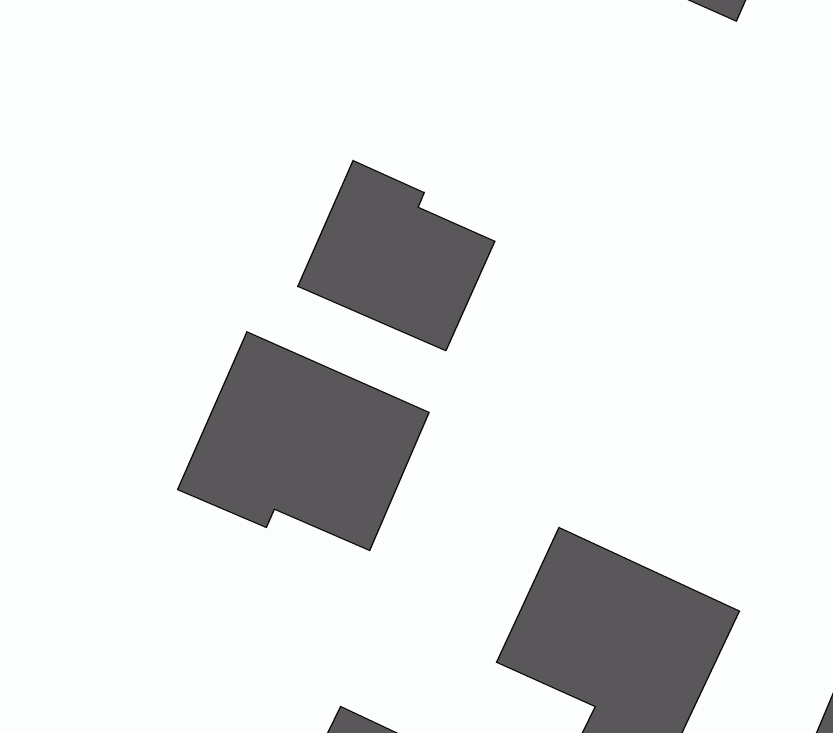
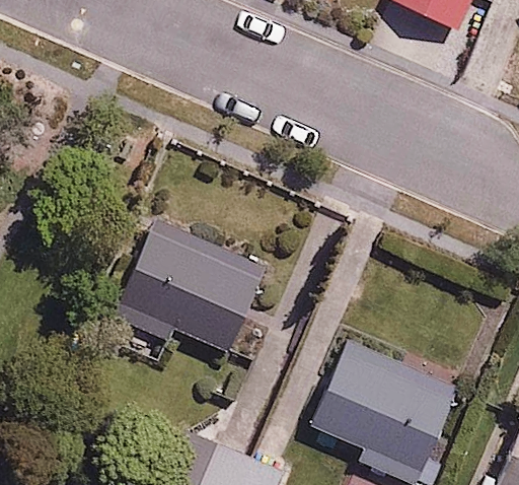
building: [298,160,495,351] -> none

